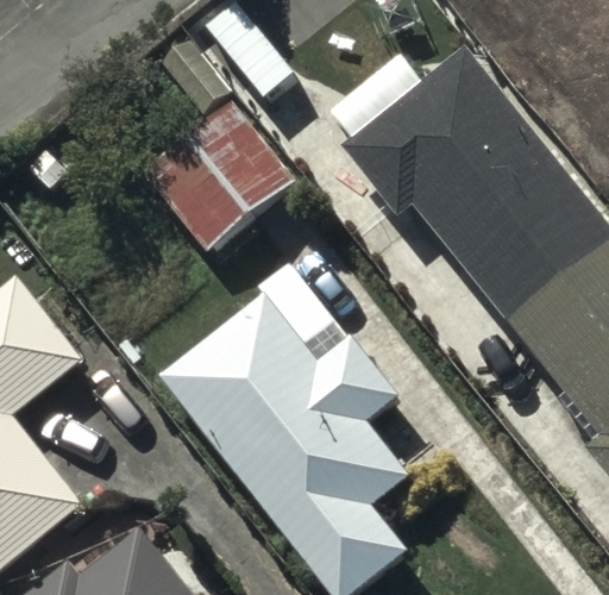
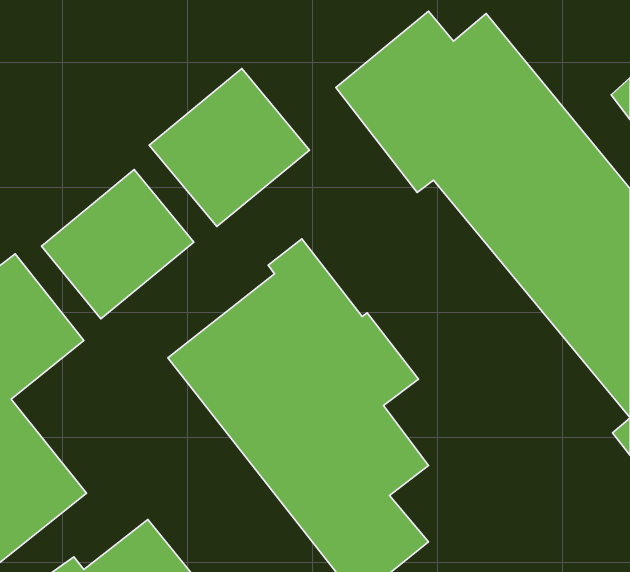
building: none -> [41,170,194,319]

